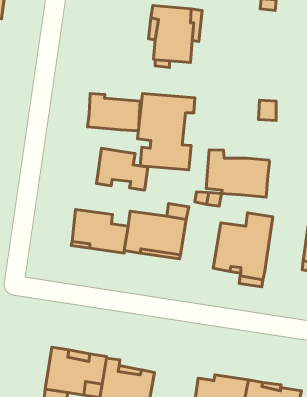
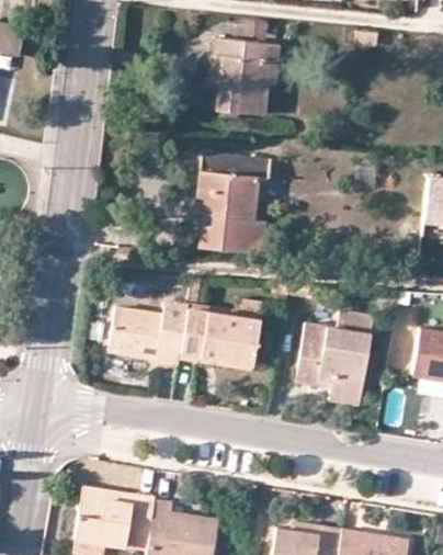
building: [88,94,140,131] -> none
building: [96,148,148,190] -> none
building: [206,150,269,197] -> none

